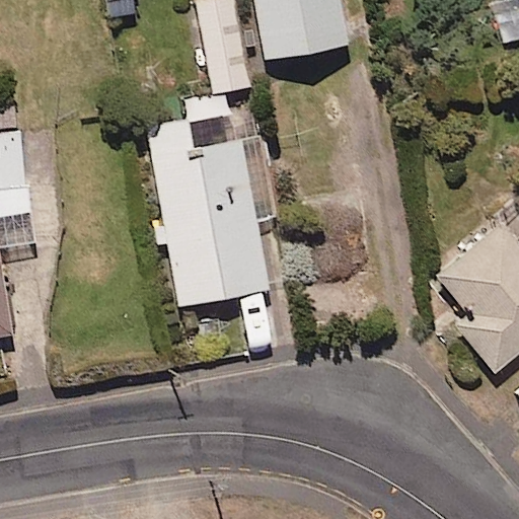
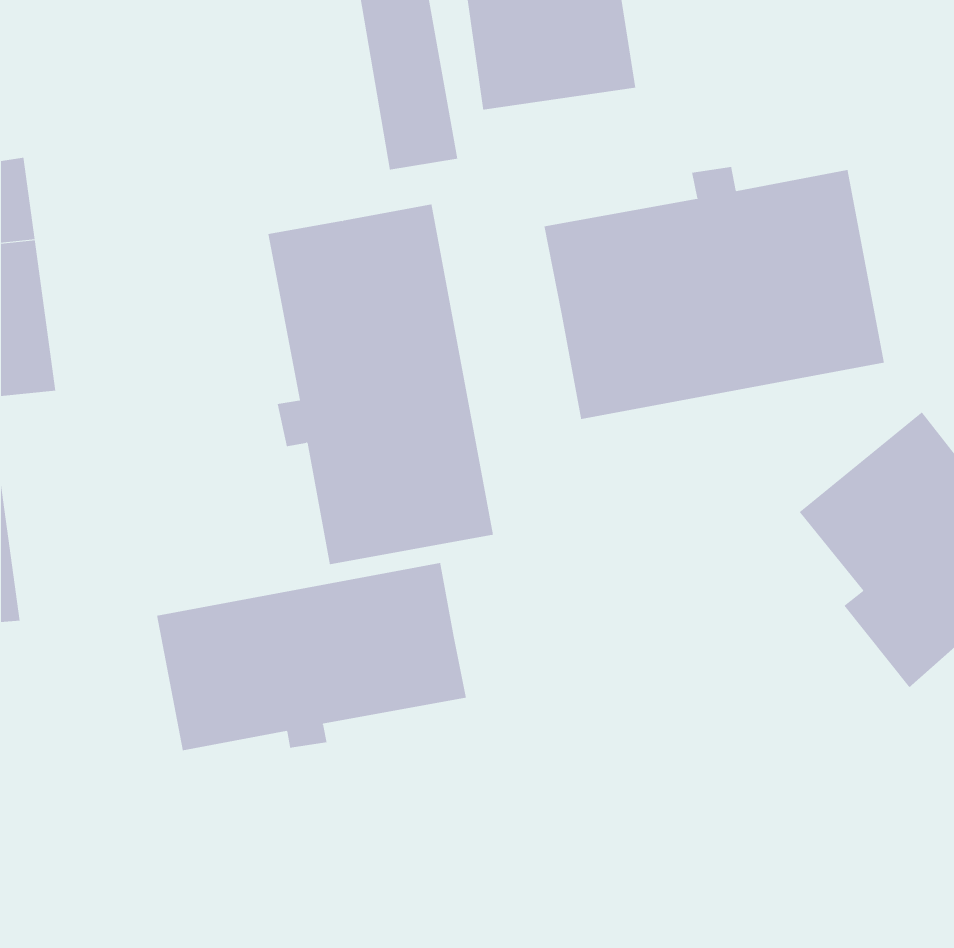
building: none -> [544,166,885,420]
building: none -> [156,562,467,751]

